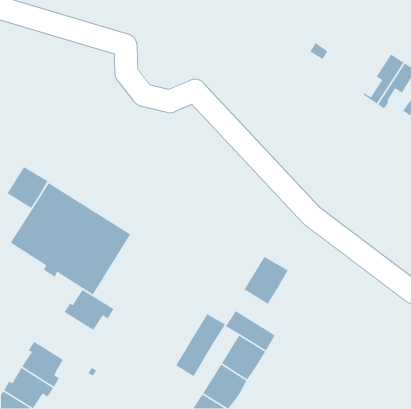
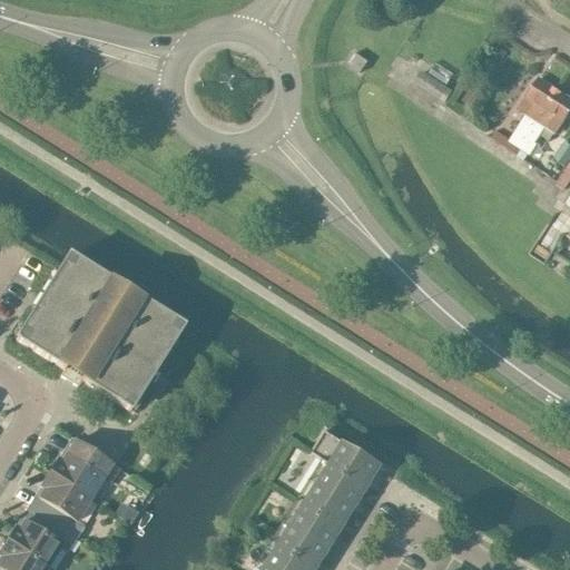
building: [7,166,48,209] -> none
building: [244,256,289,305] -> none
building: [63,289,114,331] -> [50,436,120,494]
building: [175,313,226,377] -> none

